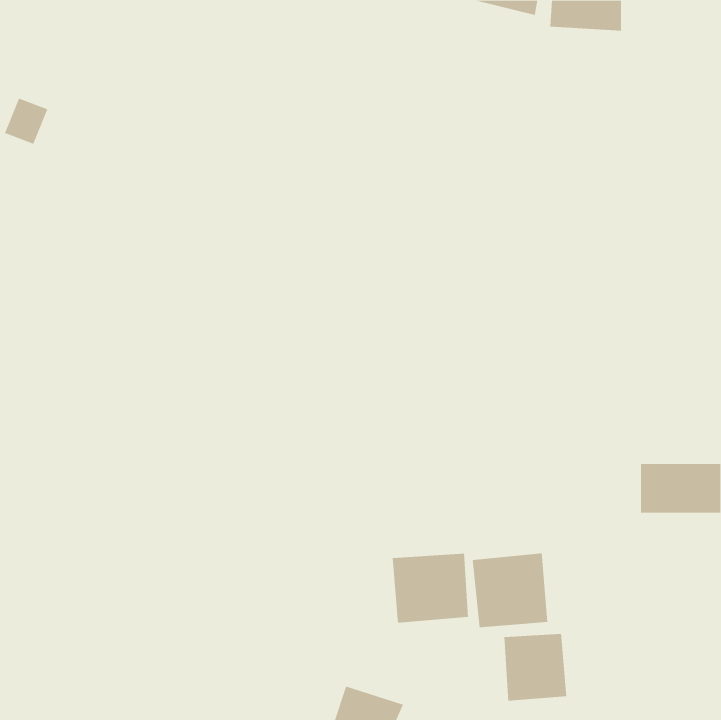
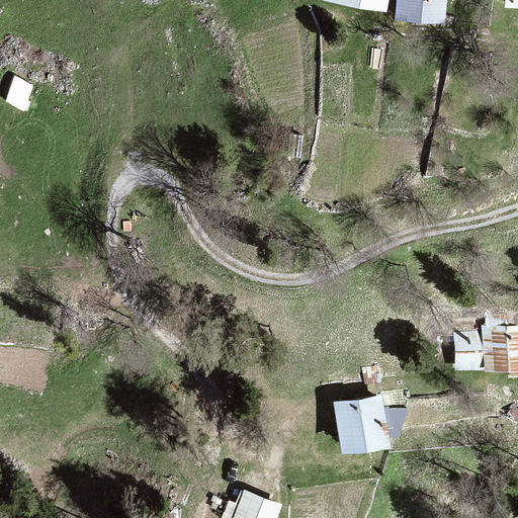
building: [392,553,468,623] -> none
building: [504,633,567,702] -> none

